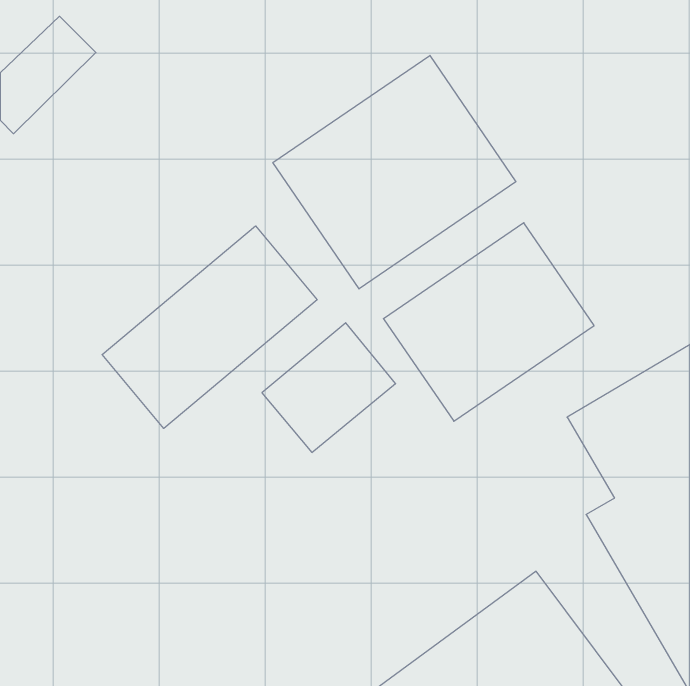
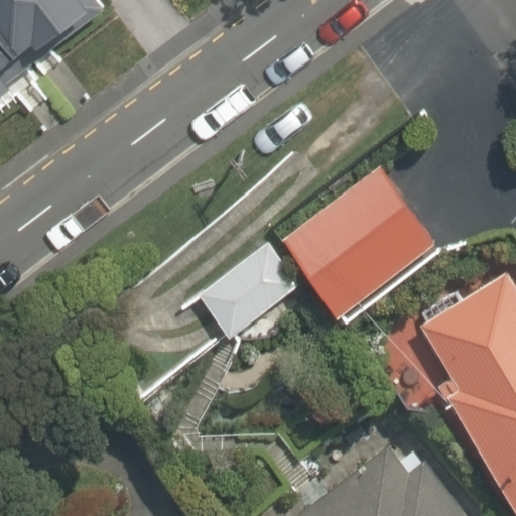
building: [273,55,516,289] -> none
building: [102,226,317,428] -> none

